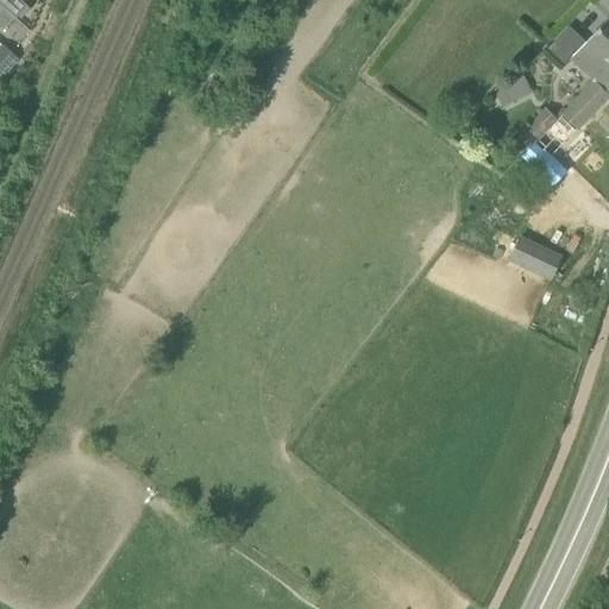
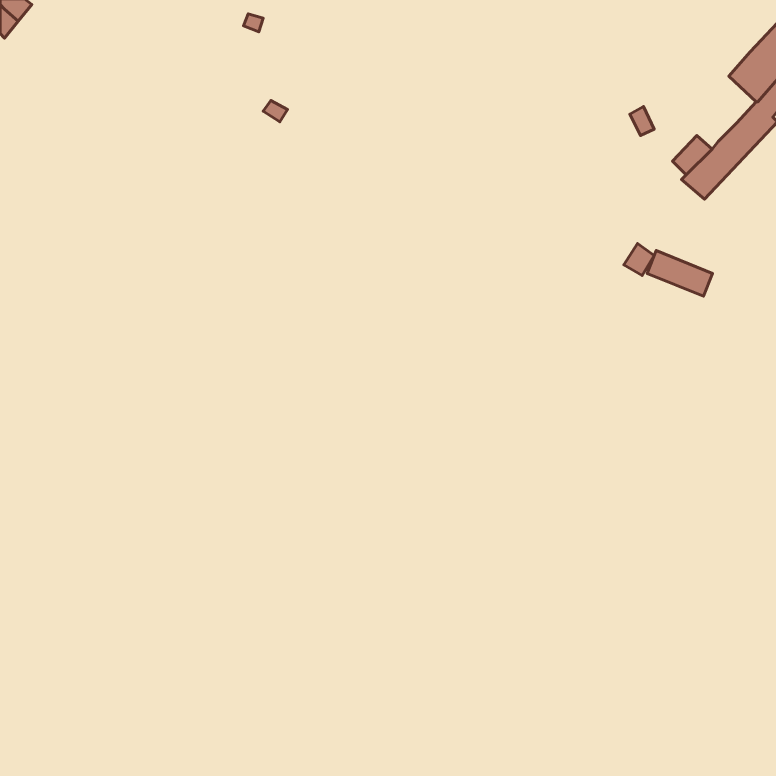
building: [550,24,586,62] -> none
building: [514,241,565,277] -> [647,251,713,296]

